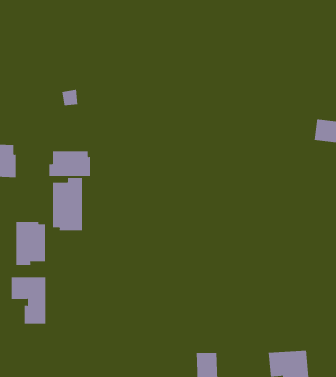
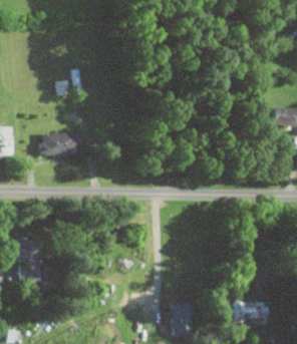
building: [53,177,82,231] -> none
building: [16,221,46,266] -> none

